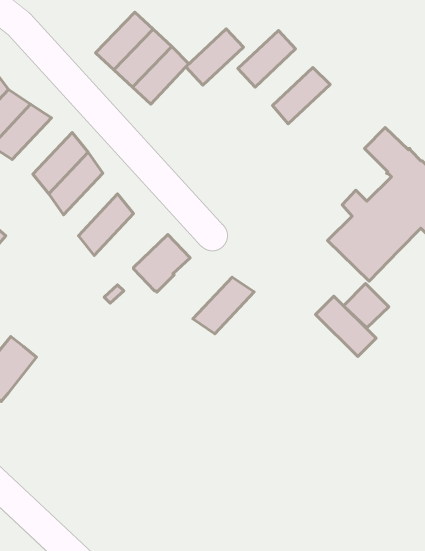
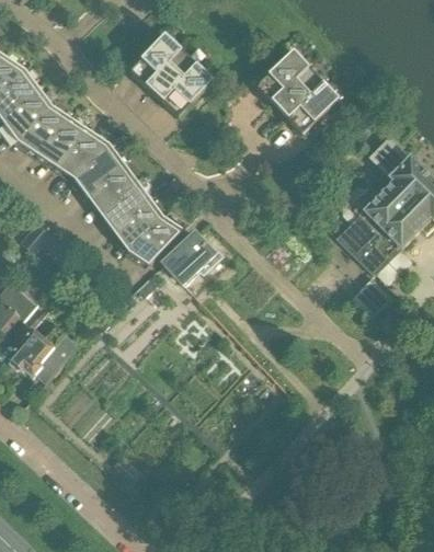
building: [186,29,243,85] -> [272,67,323,117]
building: none -> [55,128,109,179]
building: none -> [101,177,149,233]
building: [193,277,254,334] -> [128,214,183,264]
building: [316,296,376,357] -> none

